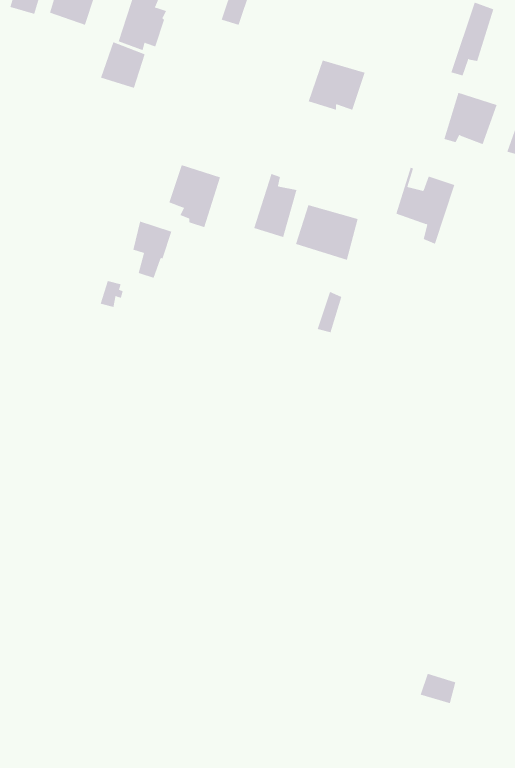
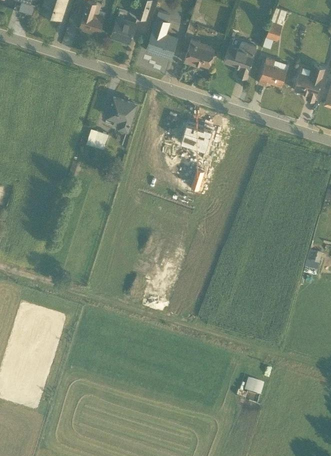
building: none -> [146,19,177,58]
building: [100,42,146,89] -> [110,17,135,43]
building: [396,167,455,245] -> [223,37,256,80]
building: [254,173,297,238] -> none

